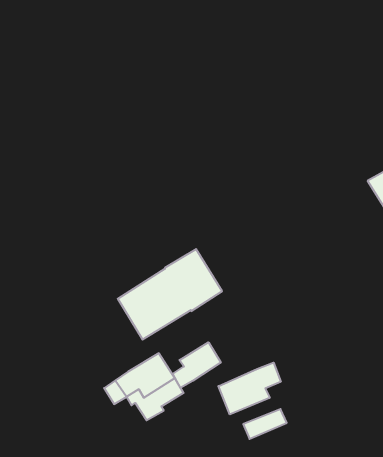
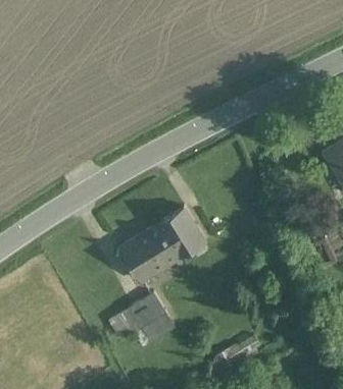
building: [173,342,221,388] -> none
building: [218,363,281,414] -> none

